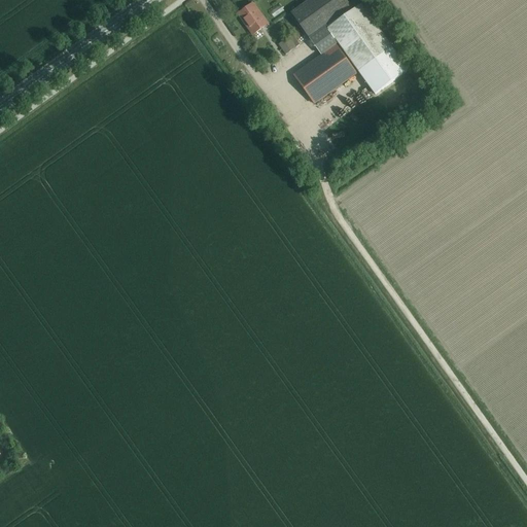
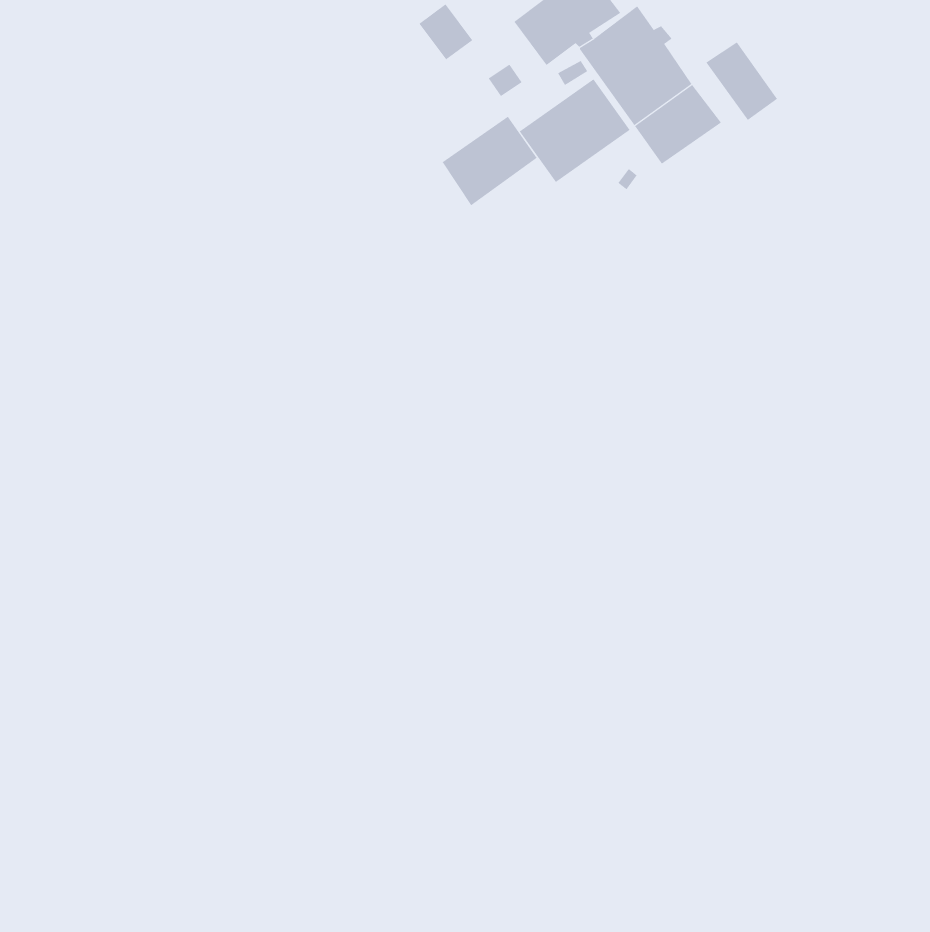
building: none -> [705,42,778,121]
building: none -> [442,116,538,206]

